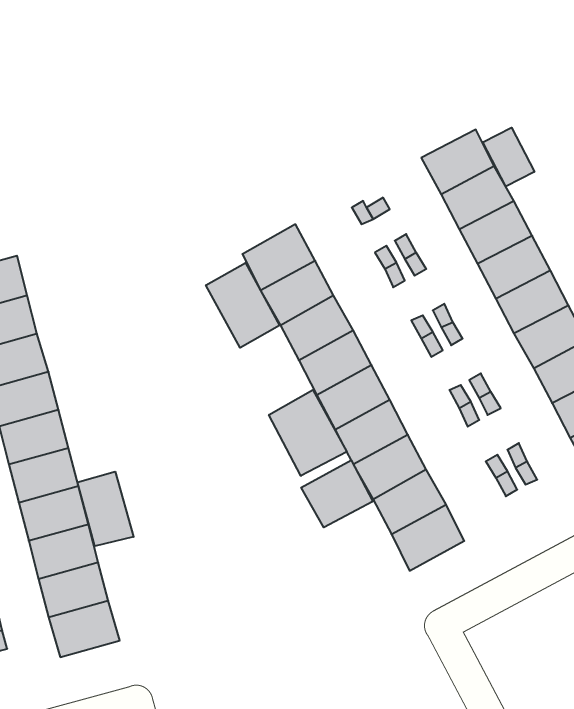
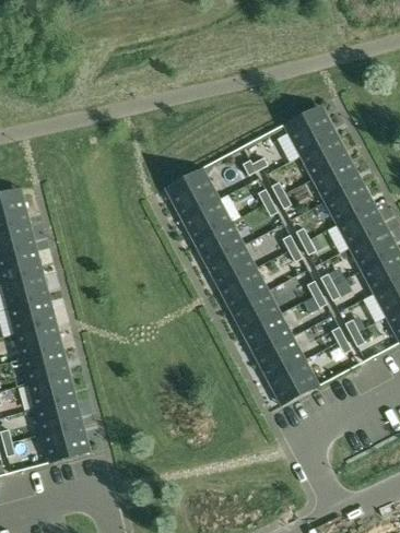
building: [483,128,534,187] -> none
building: [206,263,280,348] -> none
building: [269,390,347,476] -> none
building: [301,460,373,527] -> none
building: [77,472,134,546] -> none

